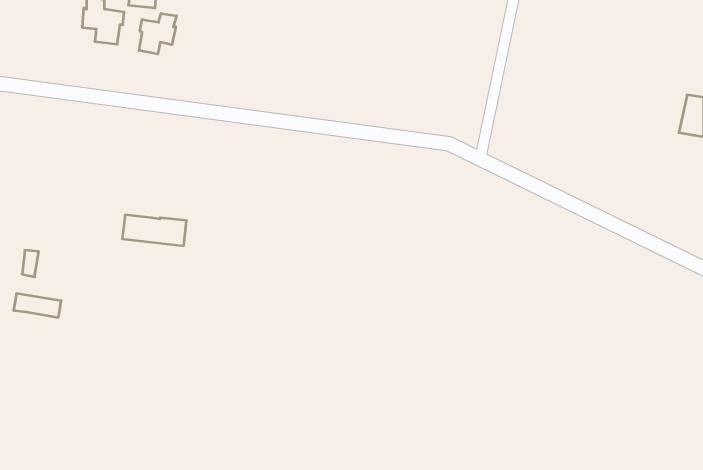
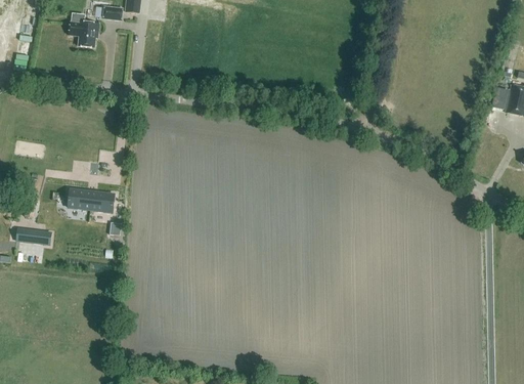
building: [139,13,177,54] -> none
building: [122,215,187,246] -> [63,191,111,214]

